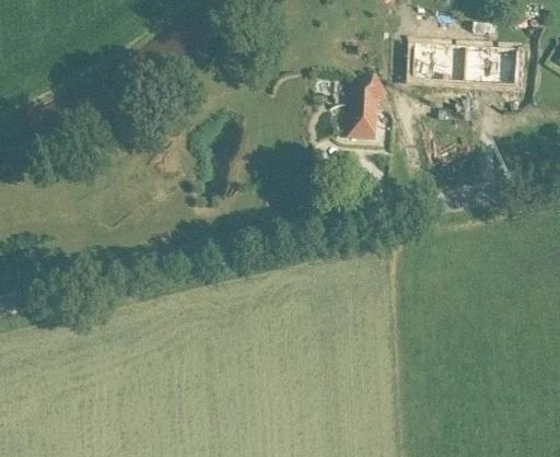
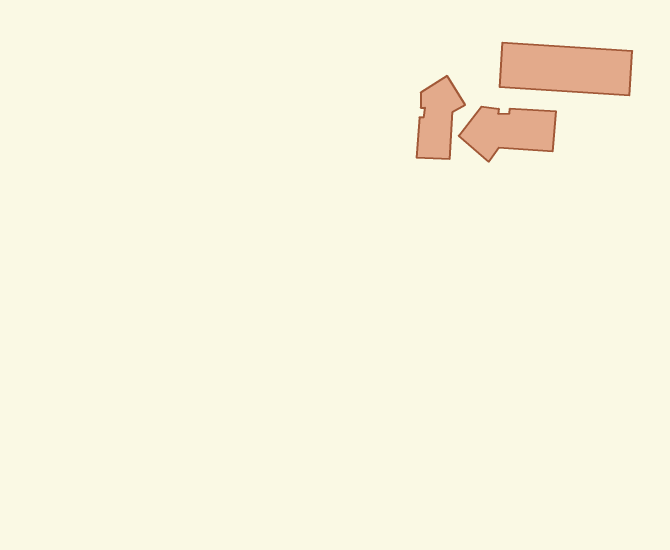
building: none -> [459,107,556,162]

